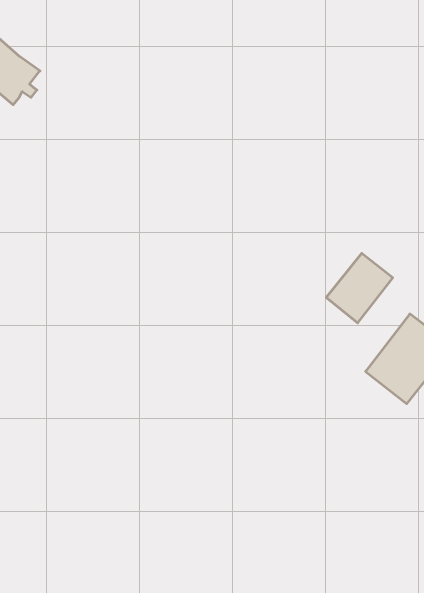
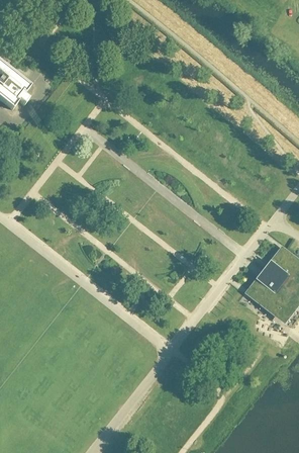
building: [326,253,393,323] -> none

